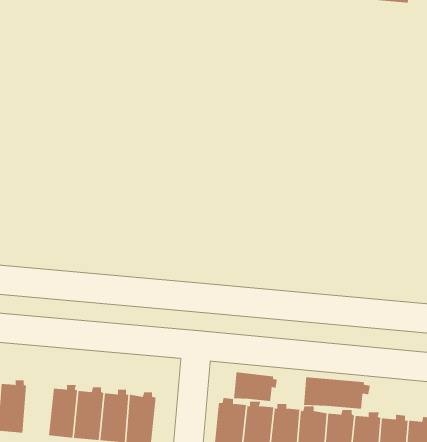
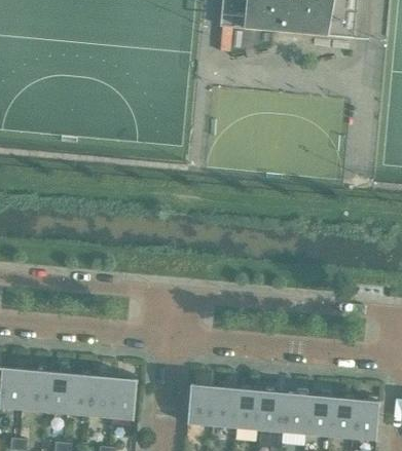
building: [233,372,277,402] -> none
building: [303,376,370,409] -> none
building: none -> [22,367,47,413]

